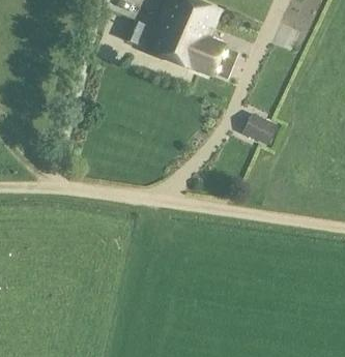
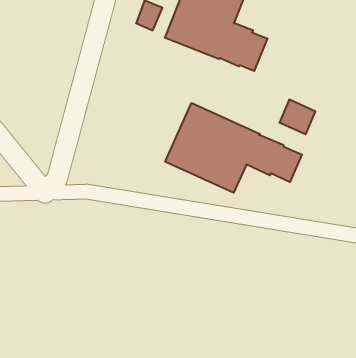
building: none -> [165,103,302,193]

